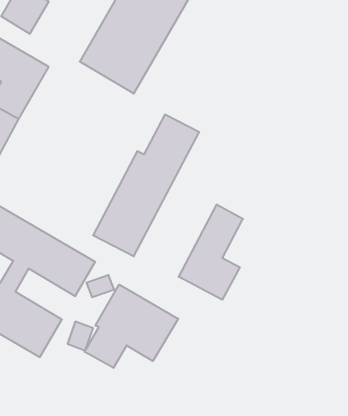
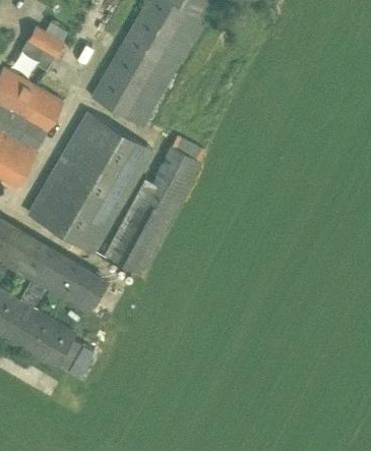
building: none -> [28,113,152,251]
building: [179,204,243,300] -> none
building: [84,285,178,368] -> none

